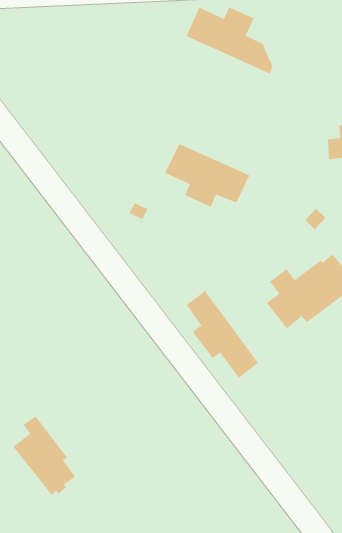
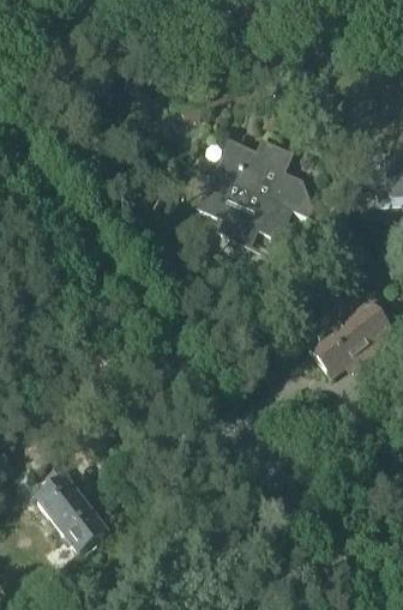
building: [185,7,274,75] -> [216,141,311,215]
building: [186,276,259,379] -> none

